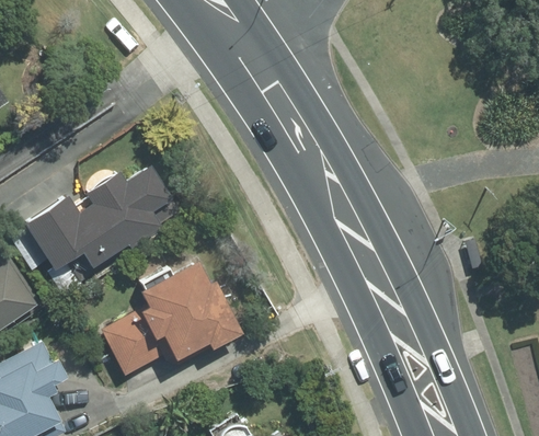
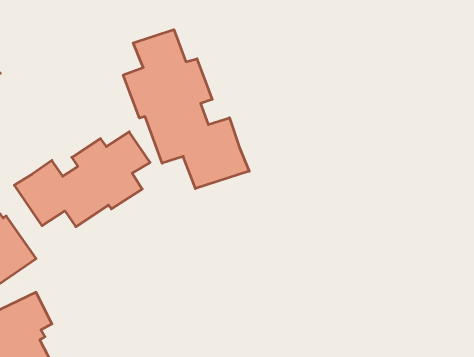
building: none -> [123,30,249,189]
building: [104,261,241,372] -> none

